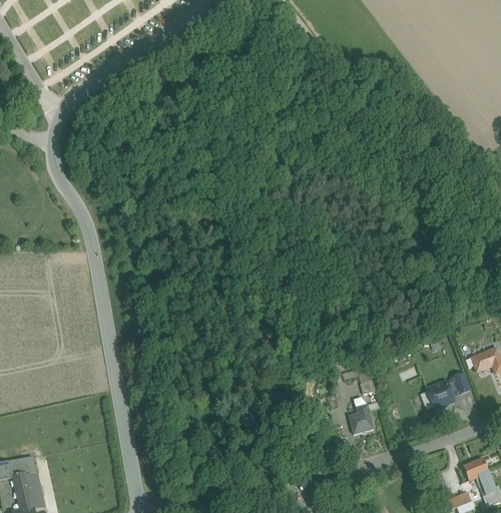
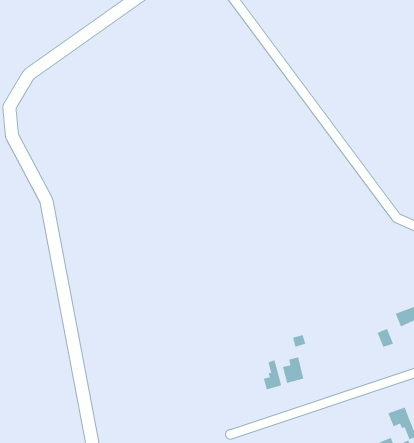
building: [427,379,458,410] -> none
building: none -> [263,360,282,390]

